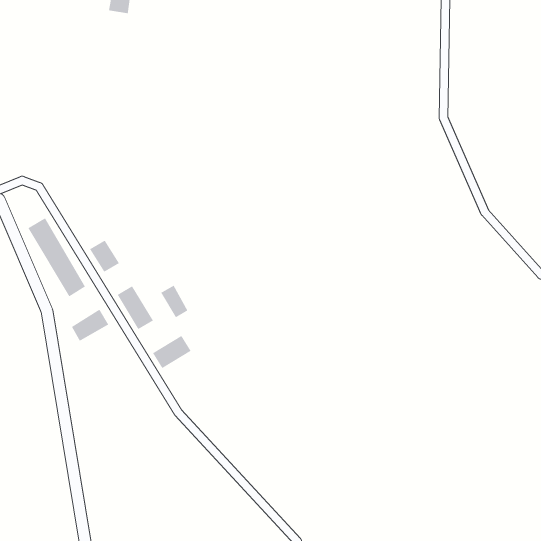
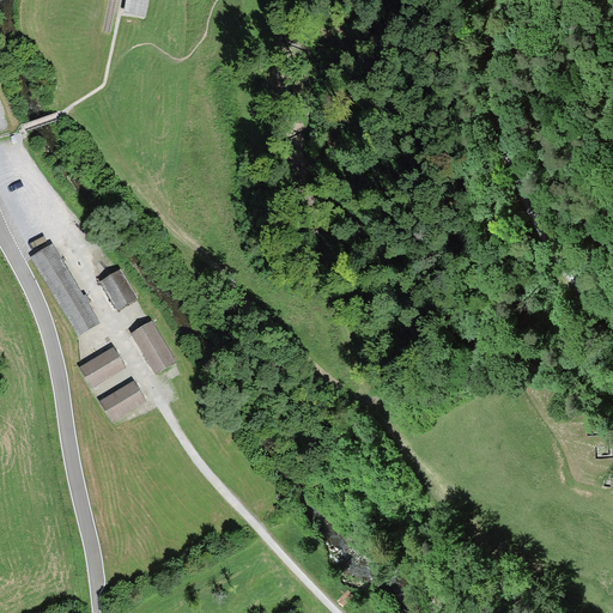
building: [161,285,188,318] -> none
building: [152,335,191,369] -> [99,382,144,420]

